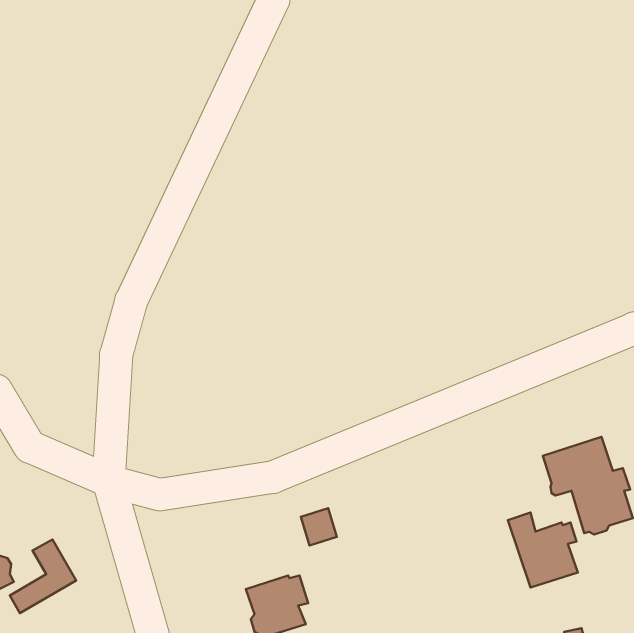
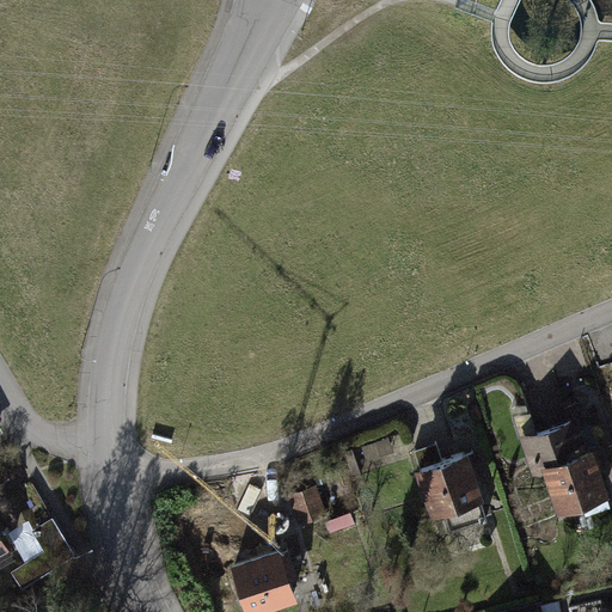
building: [508,513,578,588] -> [412,448,479,520]

